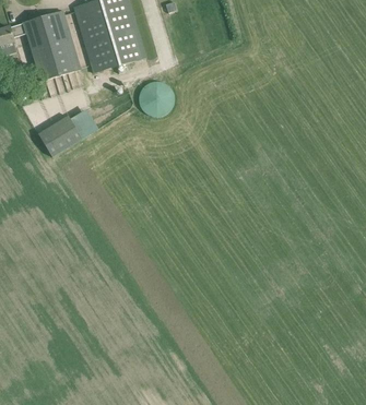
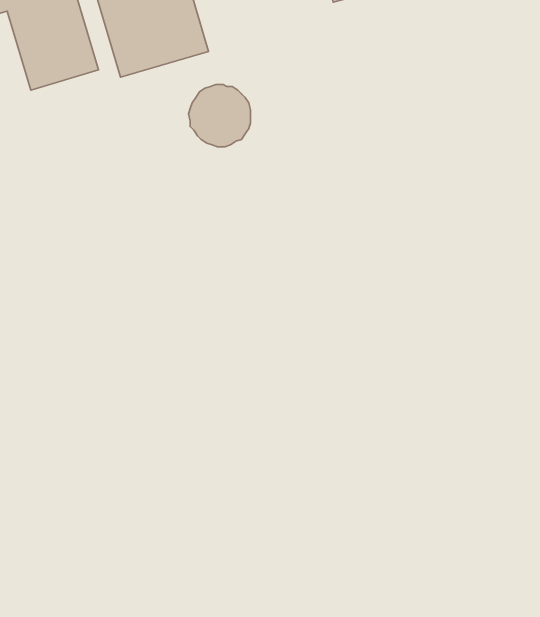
building: [37,108,97,157] -> none

